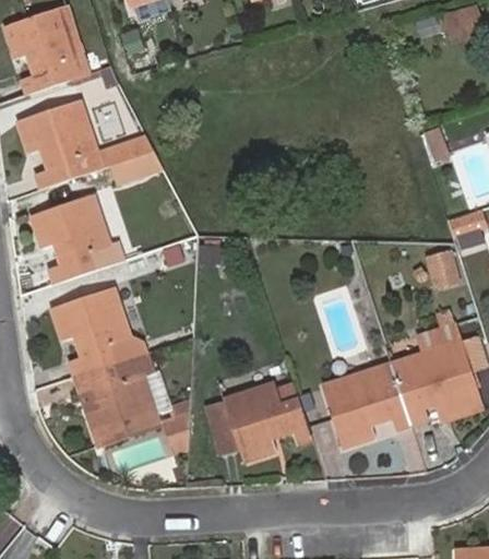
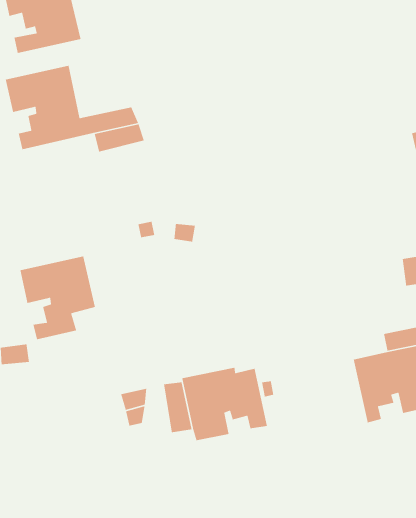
building: [31,194,123,283] -> none
building: [75,353,159,444] -> none
building: [324,362,412,447] -> none

